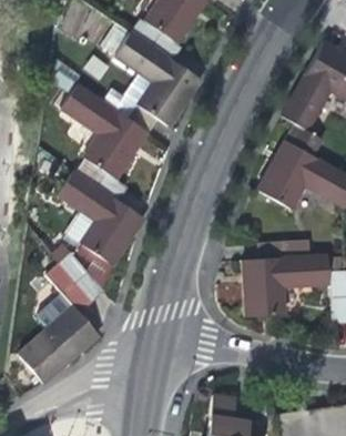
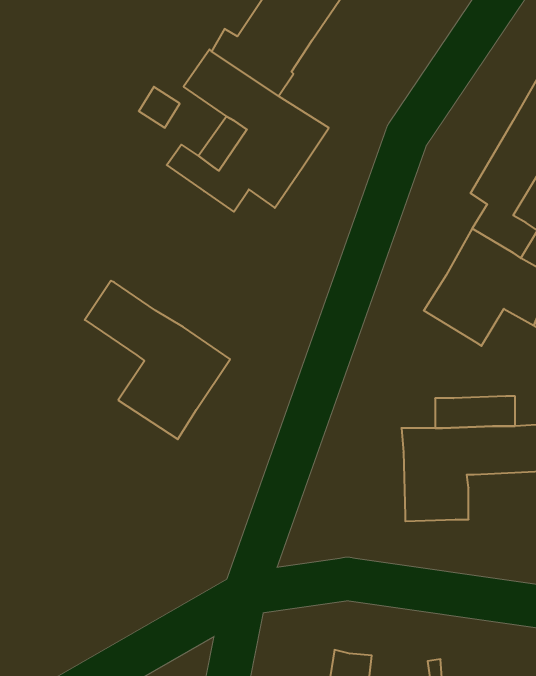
building: [59,83,147,199] -> none
building: [17,254,101,386] -> none

